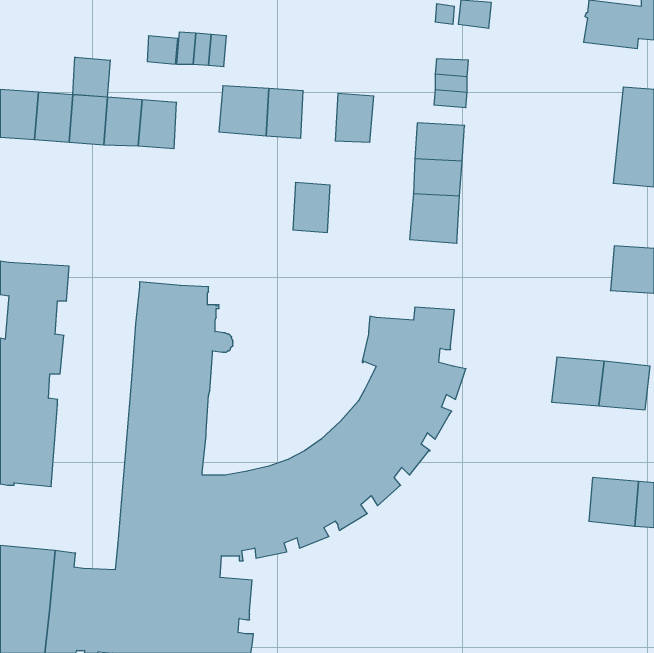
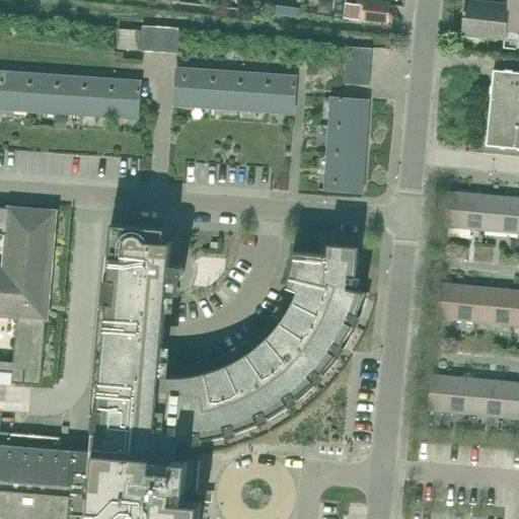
building: [73,57,110,97] -> none
building: [293,183,330,232] -> [238,72,268,112]
building: none -> [446,192,487,230]
building: none -> [429,374,469,413]

